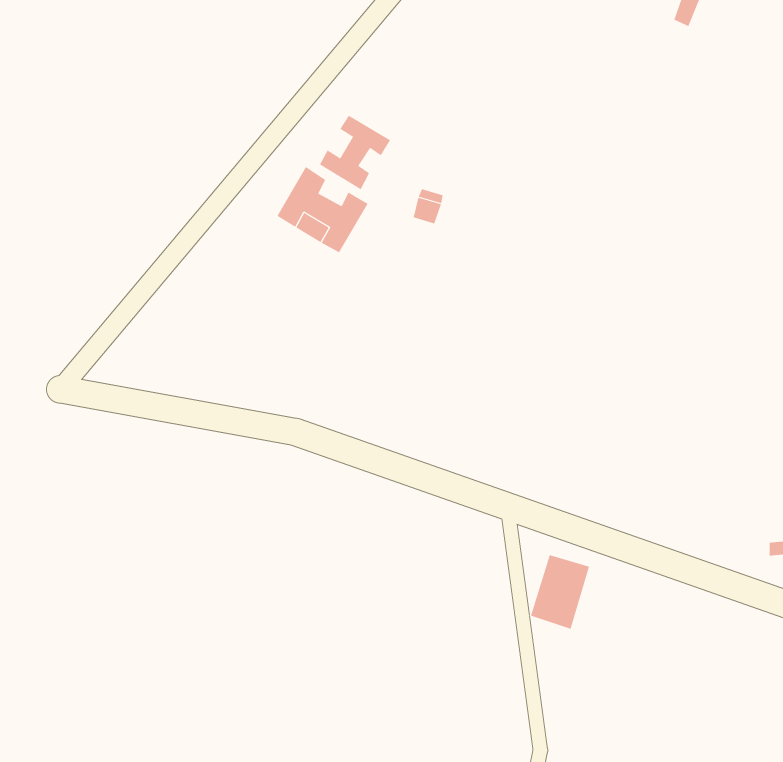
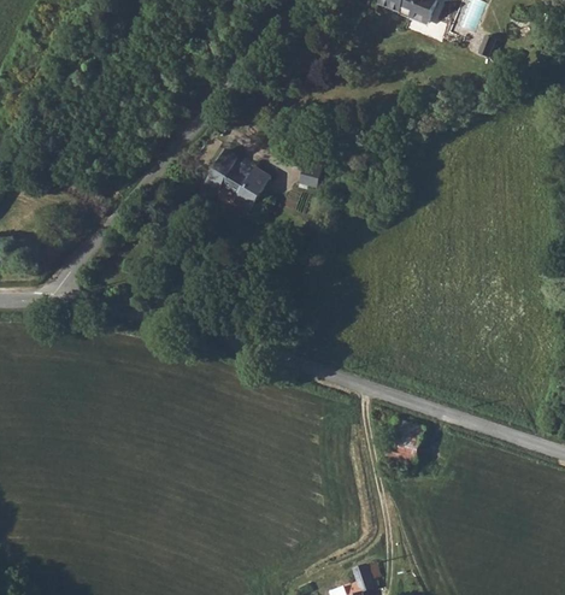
building: [319,115,391,190] -> none

